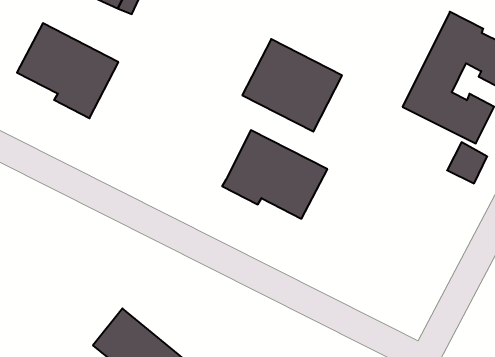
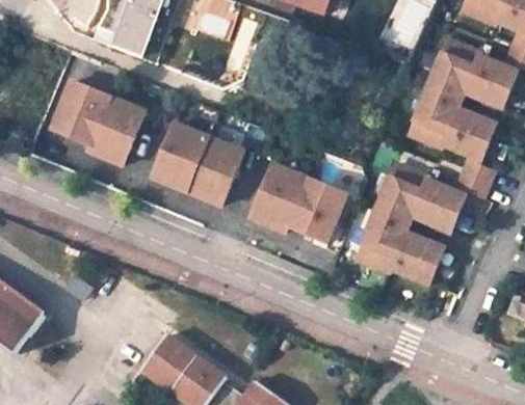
building: [242,39,342,132] -> [152,120,243,204]
building: none -> [357,162,466,281]

